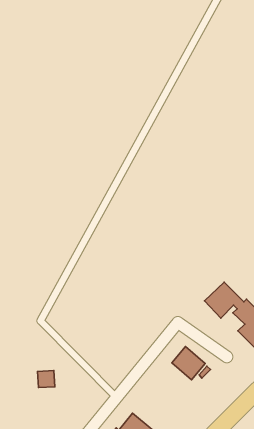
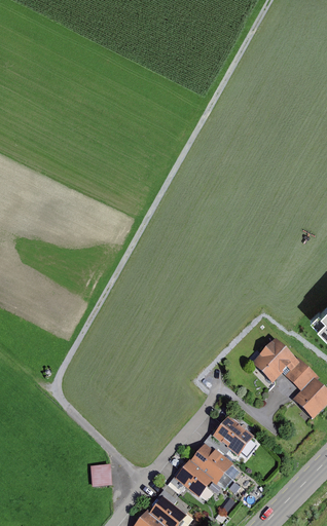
building: none -> [176,443,233,497]
building: [38,371,55,388] -> [93,463,113,484]

